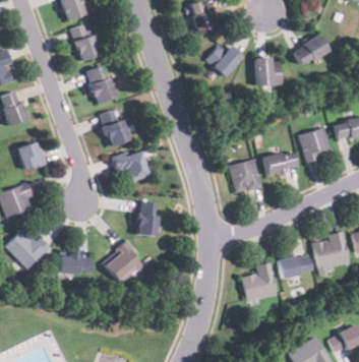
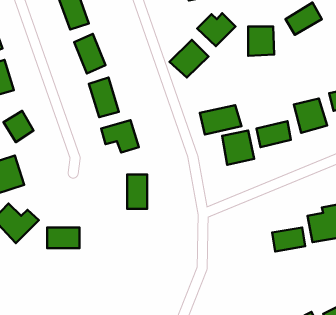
building: none -> [170,40,209,78]
building: none -> [200,105,241,134]
building: [106,241,142,281] -> none
building: [242,262,277,301] -> none

